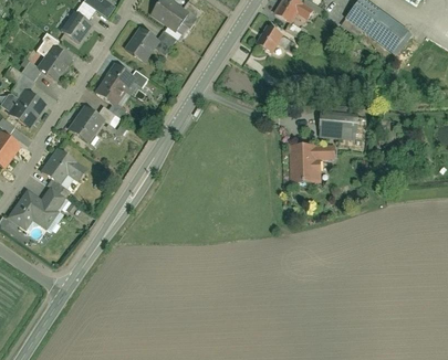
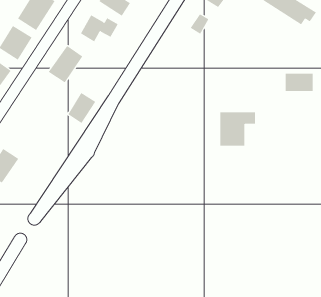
building: [72,108,105,145] -> [68,92,96,124]
building: [326,114,360,135] -> [285,73,313,91]
building: [46,150,88,190] -> none

